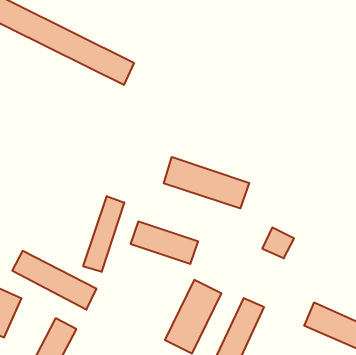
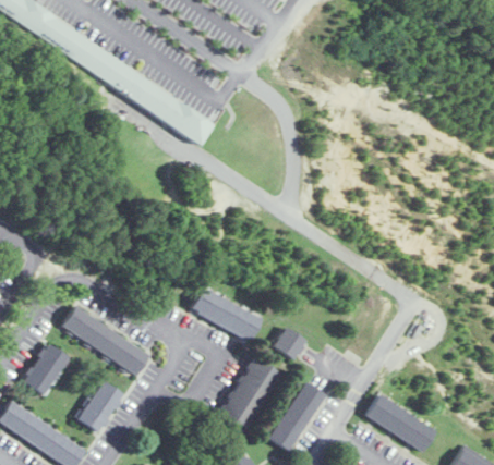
building: [164,157,249,208] -> none
building: [83,196,124,272] -> none
building: [262,228,294,258] -> [273,327,308,360]

